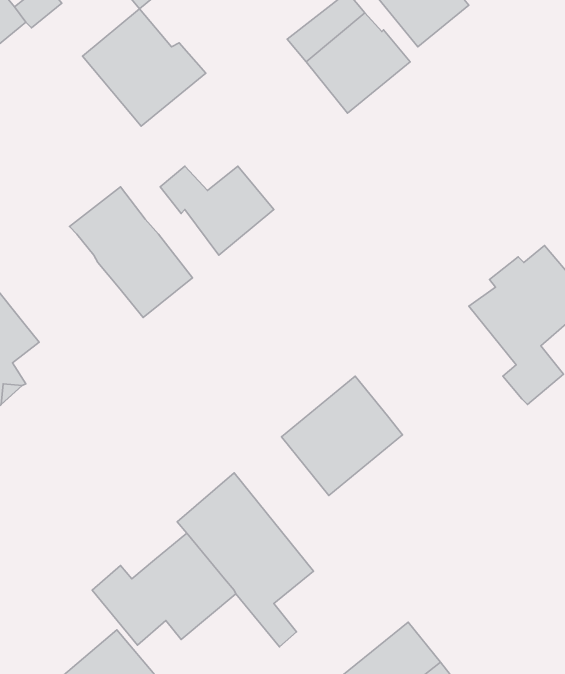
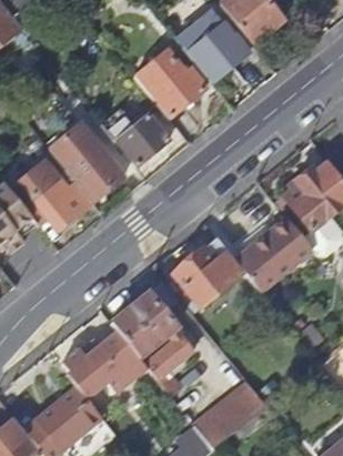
building: [83,9,206,126] -> [134,49,206,118]
building: none -> [20,153,89,229]
building: none -> [235,216,314,293]

